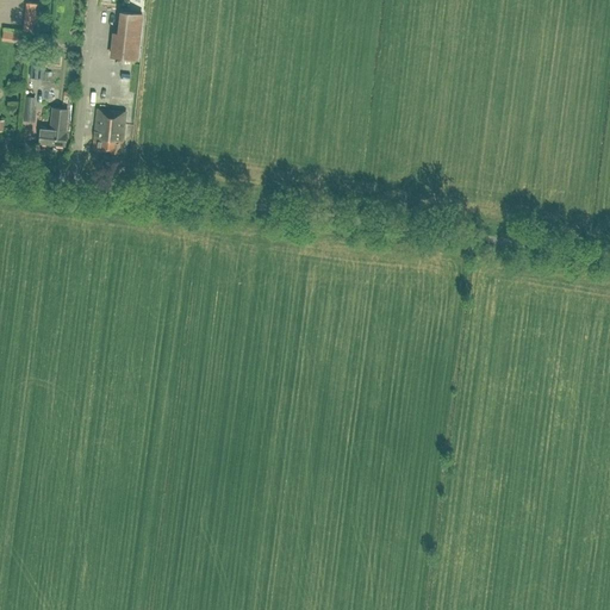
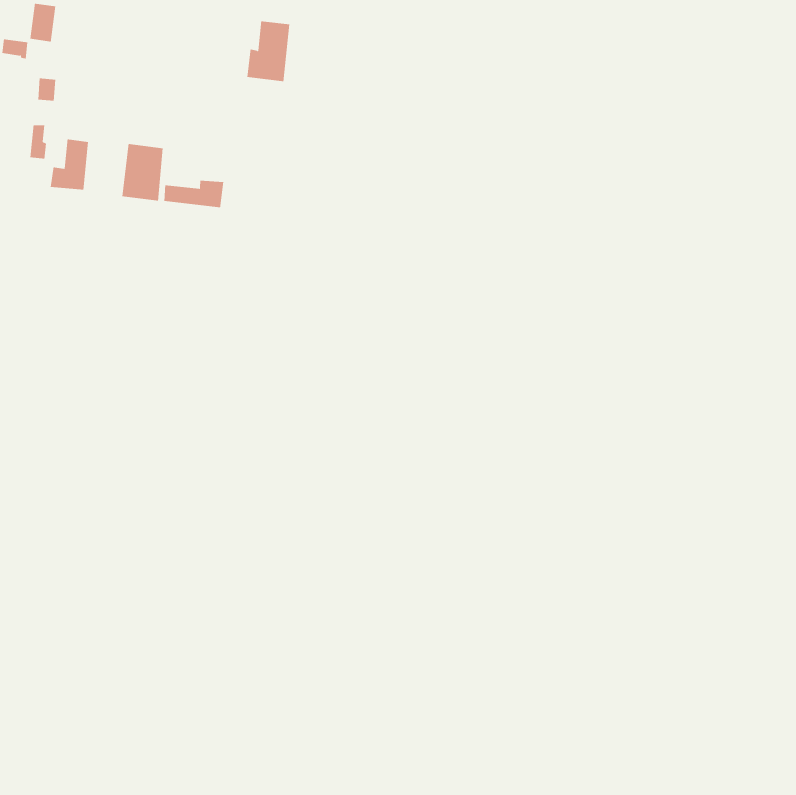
building: [110,8,143,55] -> [247,21,290,82]
building: none -> [164,180,224,208]

